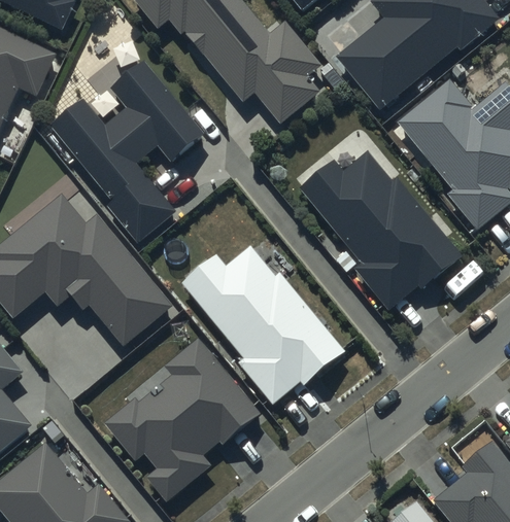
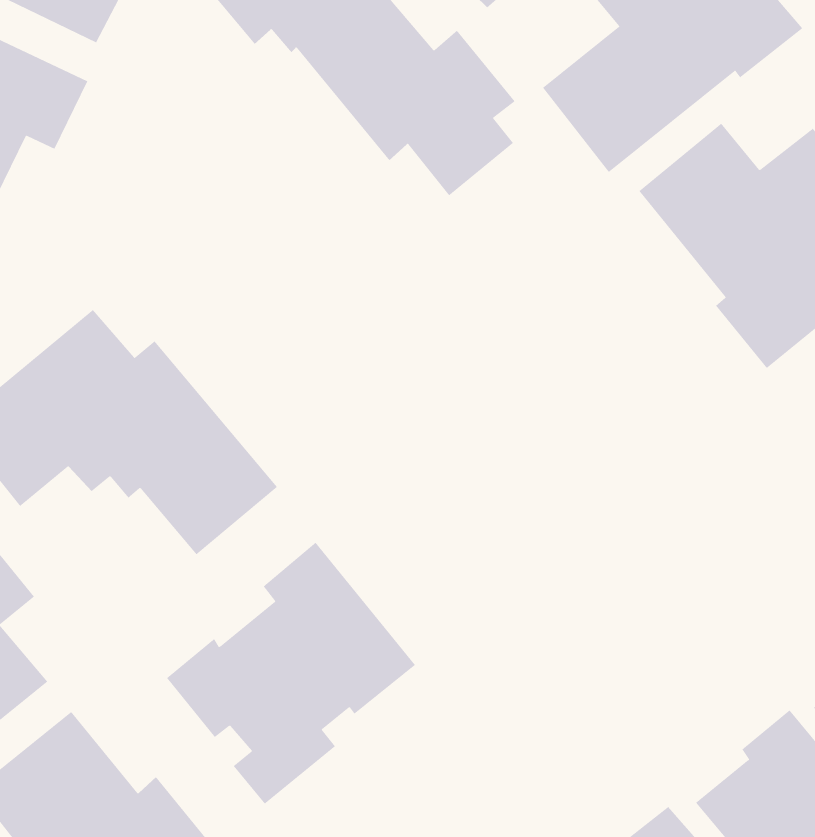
building: [48,61,204,243] -> none
building: [298,149,463,308] -> none
building: [181,246,345,405] -> none

